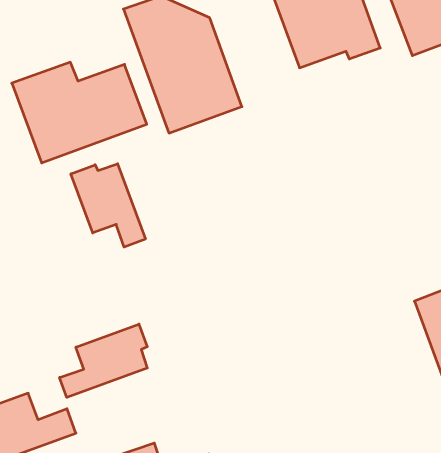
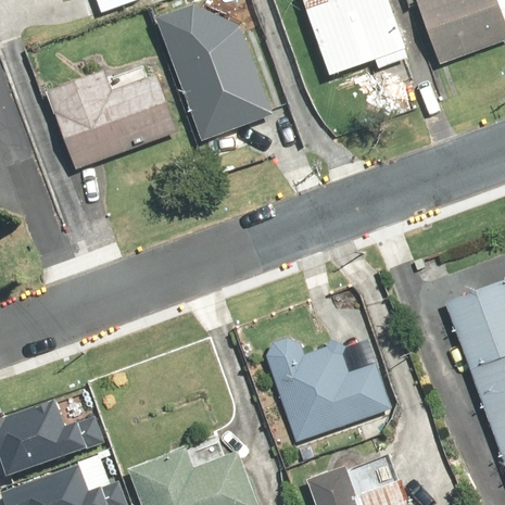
building: [71,164,145,247] -> none
building: [60,324,147,397] -> none
building: none -> [265,339,390,441]

